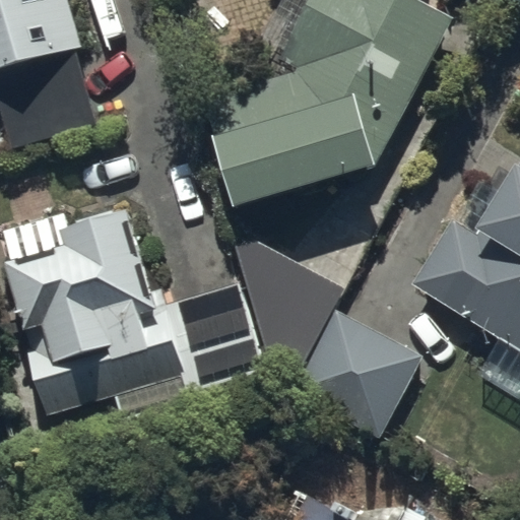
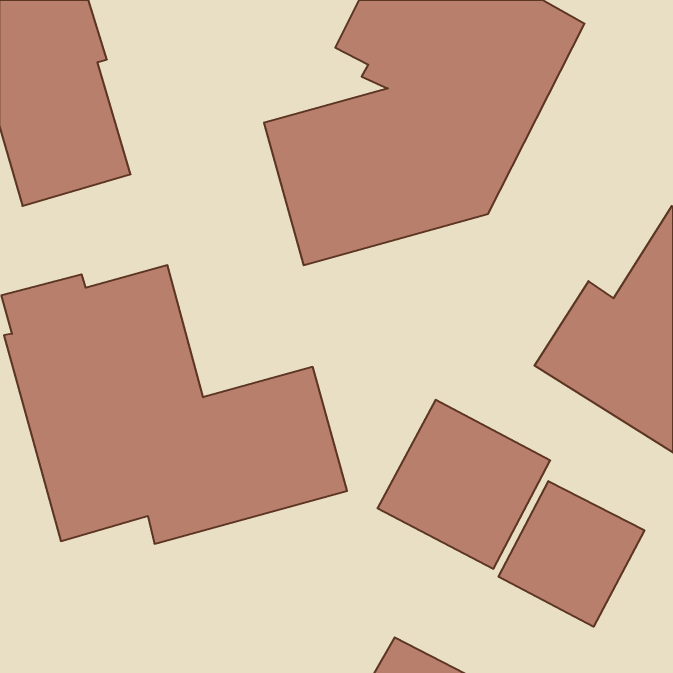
building: [236,232,341,400] -> none
building: none -> [499,481,644,627]

